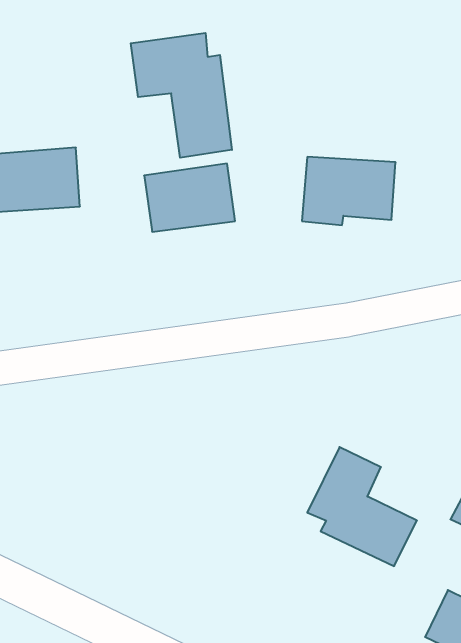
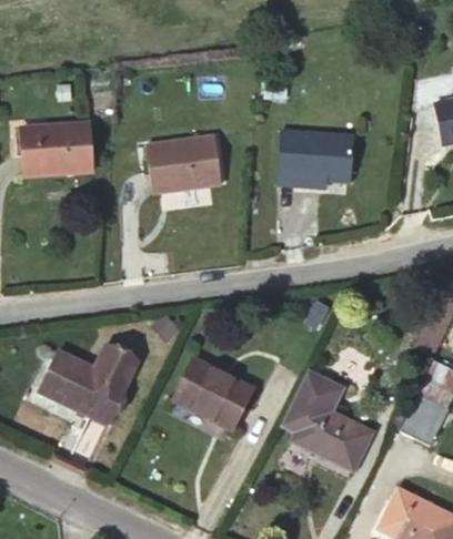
building: [131,33,232,158] -> none
building: none -> [40,346,139,425]
building: none -> [175,360,253,429]

